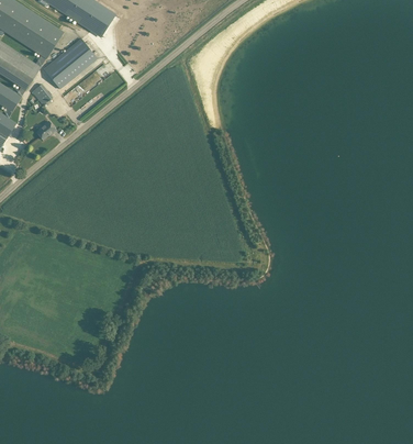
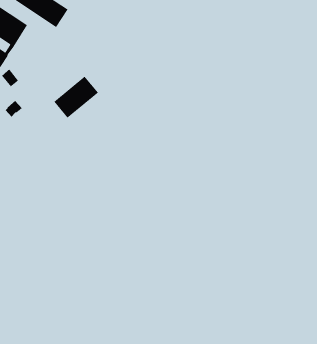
building: [42,37,96,88] -> [53,76,99,119]

